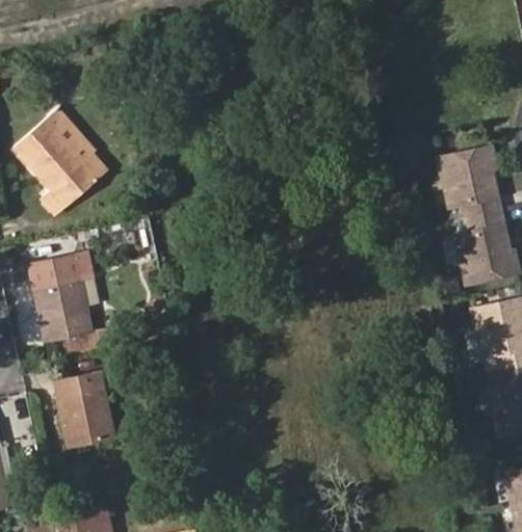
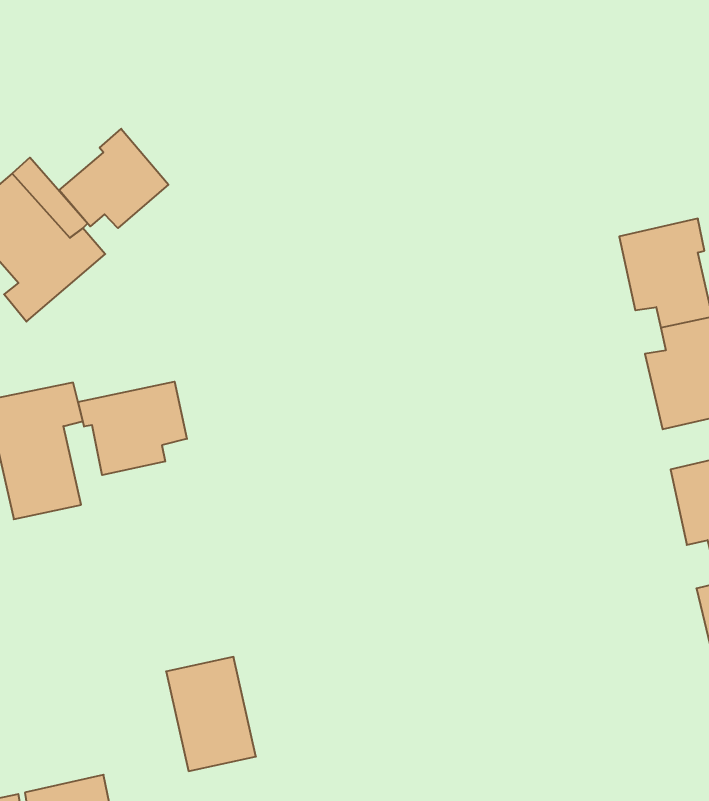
building: none -> [59,129,168,228]
building: none -> [78,382,187,475]
building: [56,373,114,447] -> [166,657,256,771]

